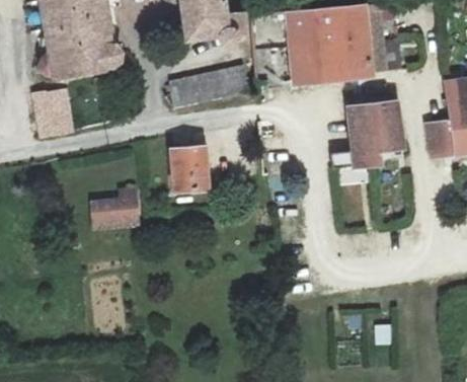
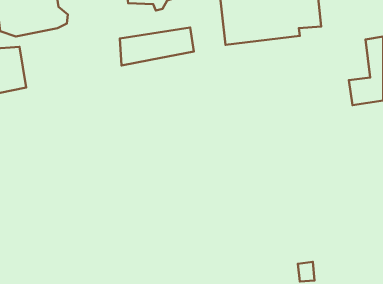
building: [336,99,401,182] -> none
building: [168,147,210,198] -> none
building: [98,185,142,223] -> none

